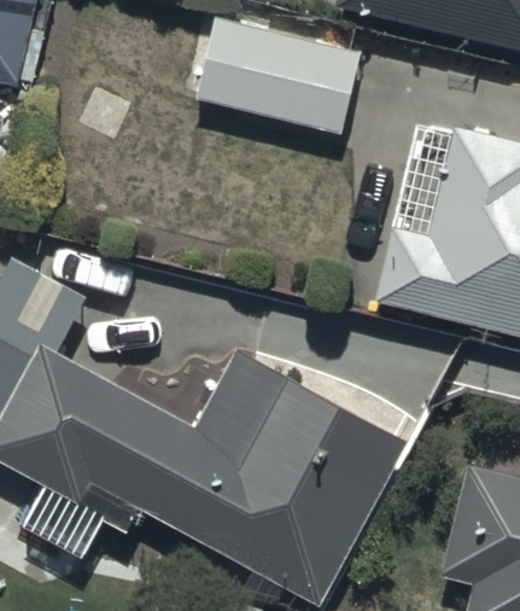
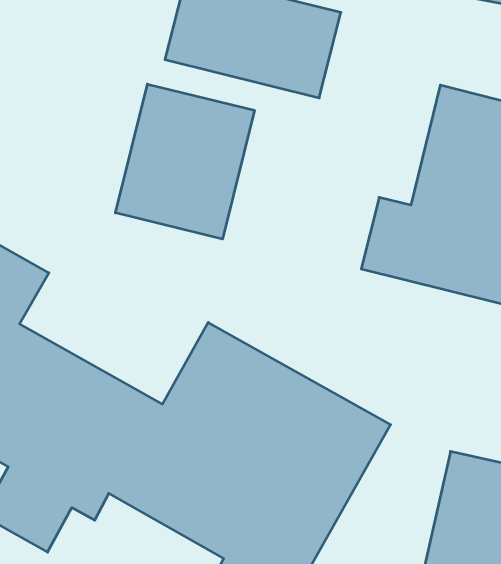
building: none -> [115,84,254,239]

